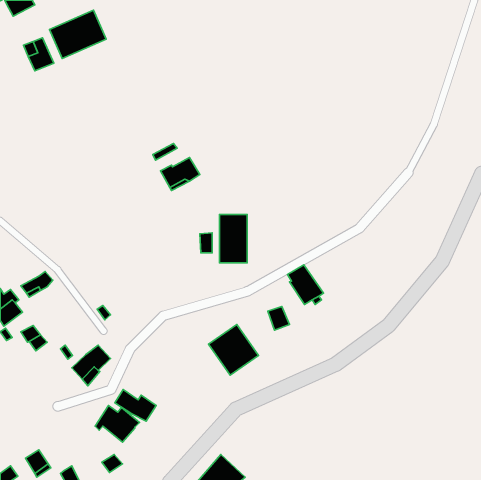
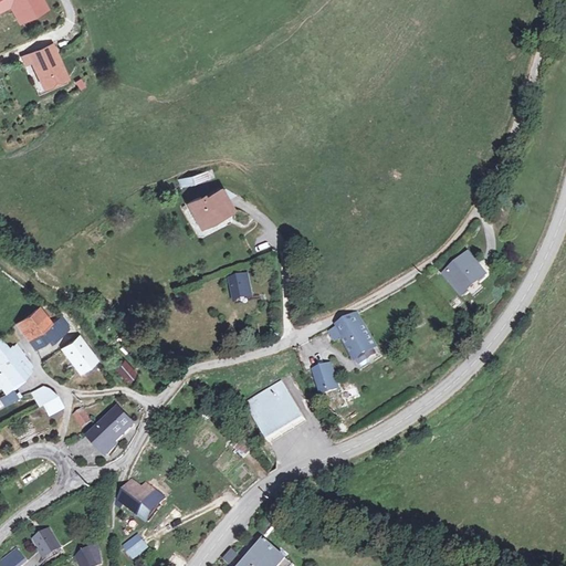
building: [49,10,106,59] -> none
building: [219,214,247,263] -> none
building: none -> [453,258,490,294]
building: none -> [15,308,46,337]
building: none -> [59,335,93,371]
building: [115,389,156,421] -> none

